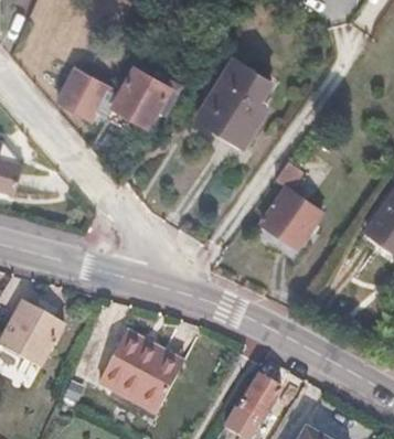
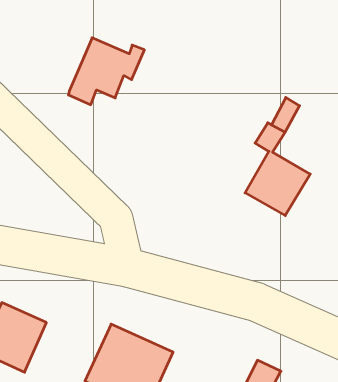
building: [198,60,269,144] -> none
building: [58,66,124,118] -> none

